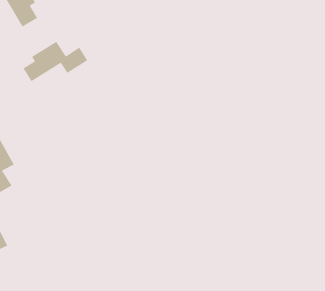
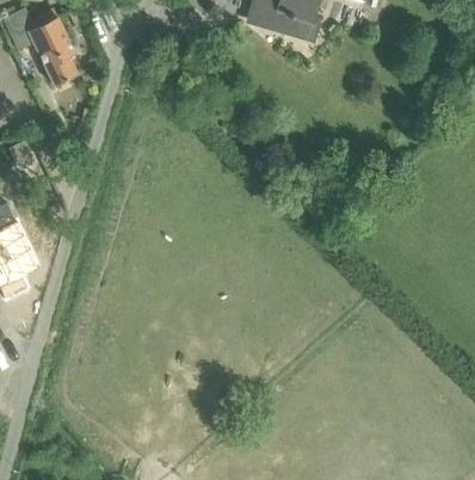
building: [23,41,88,82] -> none

